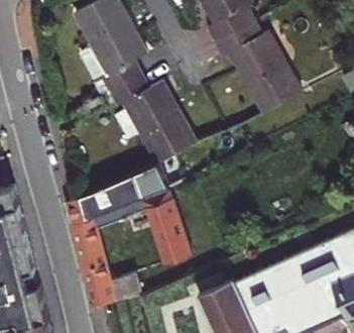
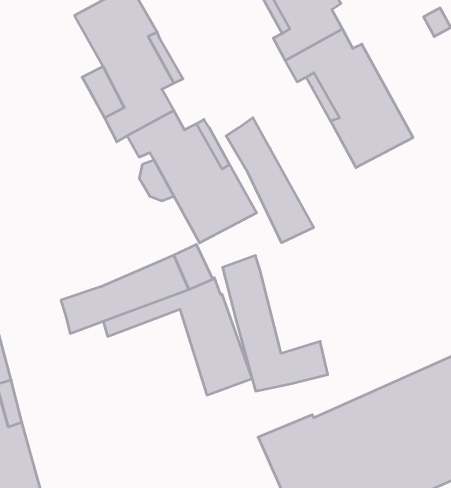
building: none -> [226,118,314,243]
building: [71,217,141,308] -> [222,256,328,391]

